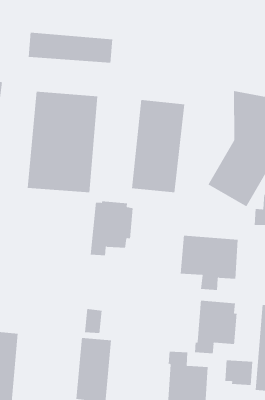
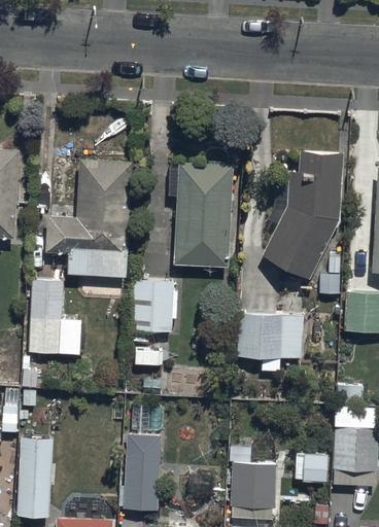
building: [28,32,113,64] -> none
building: none -> [30,287,82,363]
building: [194,300,237,354] -> none

